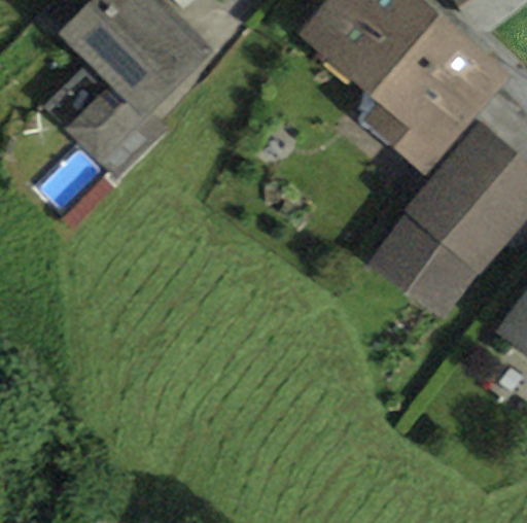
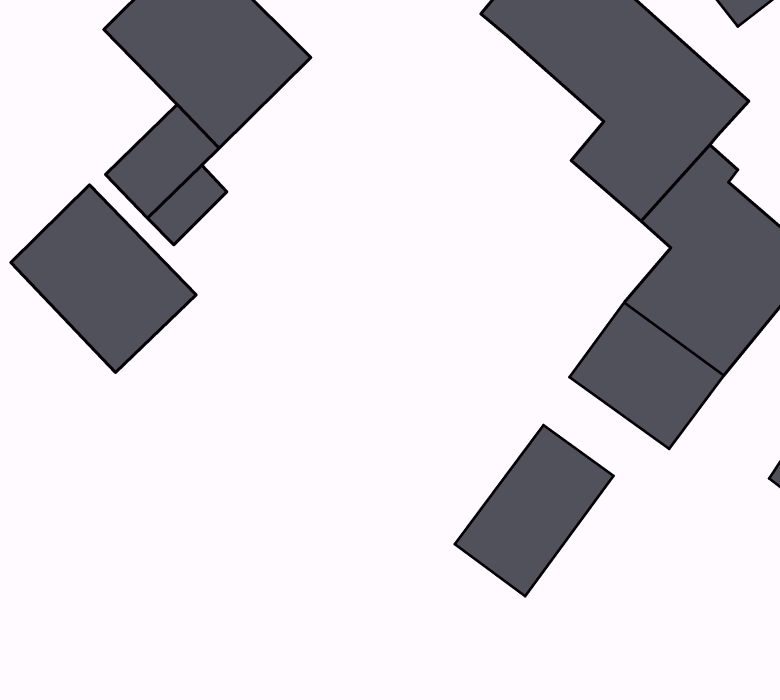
building: none -> [11,185,196,373]
building: none -> [455,425,614,596]

